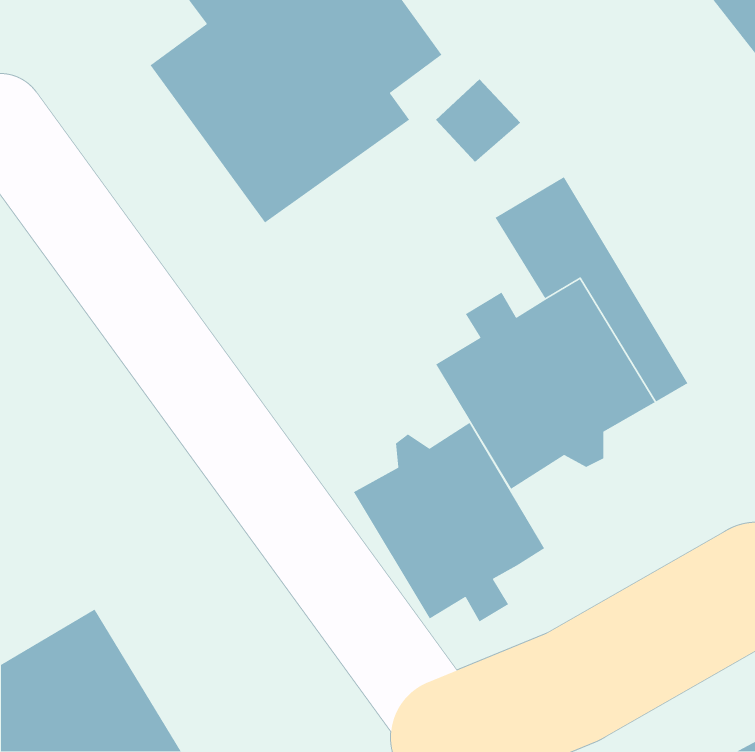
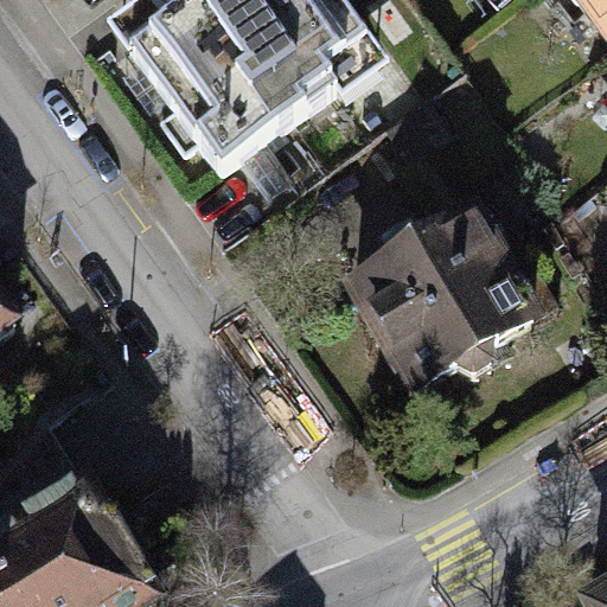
building: [353,422,545,622] -> none

